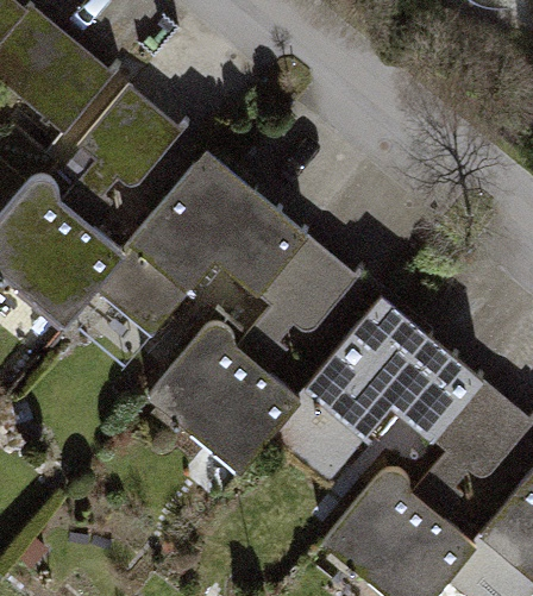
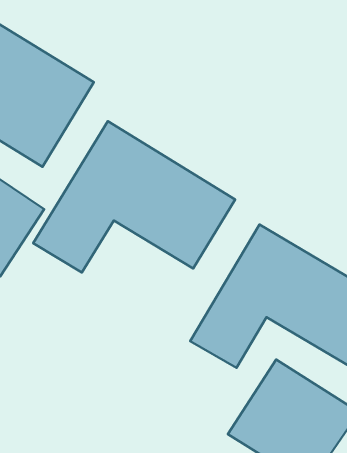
building: [150,326,296,471] -> none

